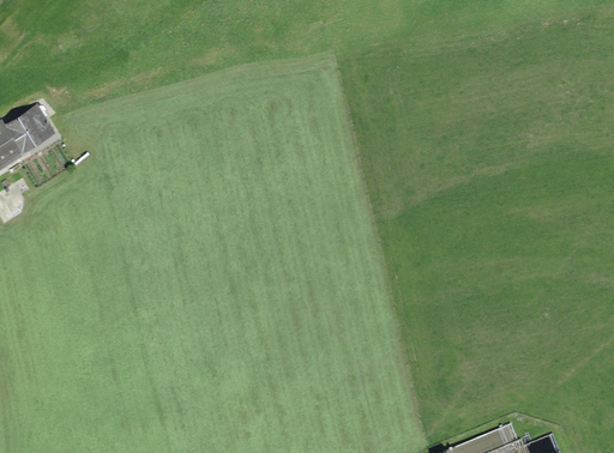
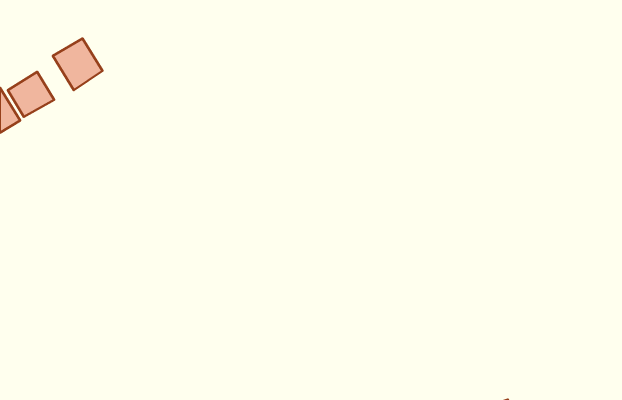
building: none -> [53,38,103,90]

